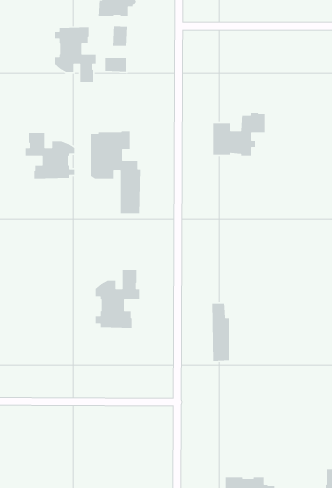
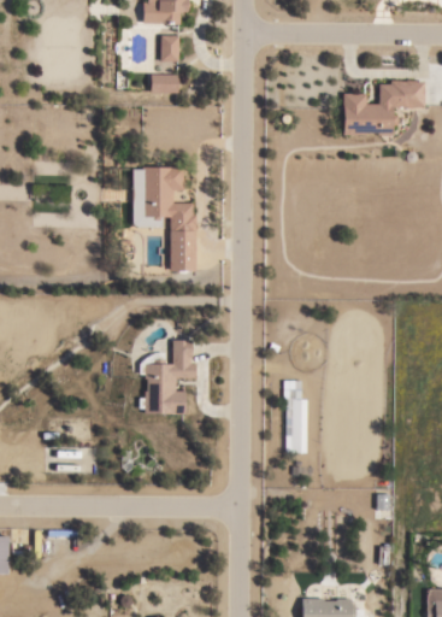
building: [54,26,97,83] -> none
building: [212,112,265,156] -> [344,80,411,135]
building: [25,132,75,179] -> none

